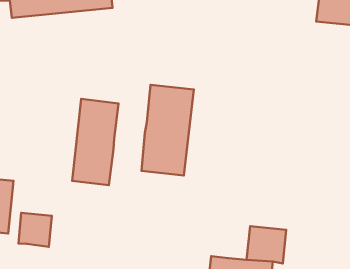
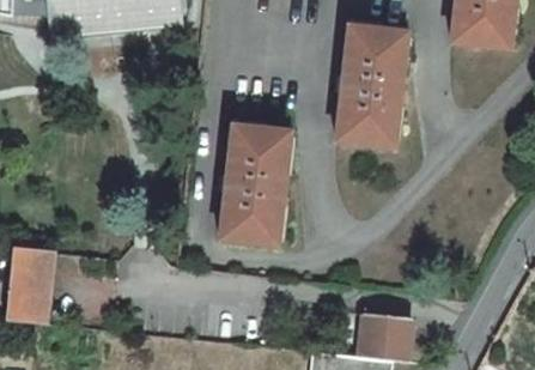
building: none -> [336,25,406,145]
building: [72,99,119,185] -> none
building: [18,213,52,247] -> none

